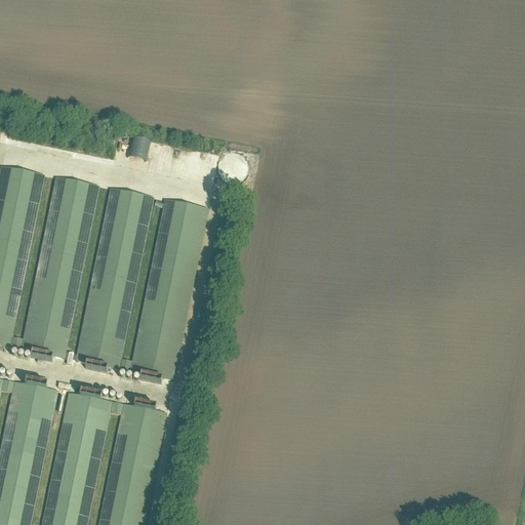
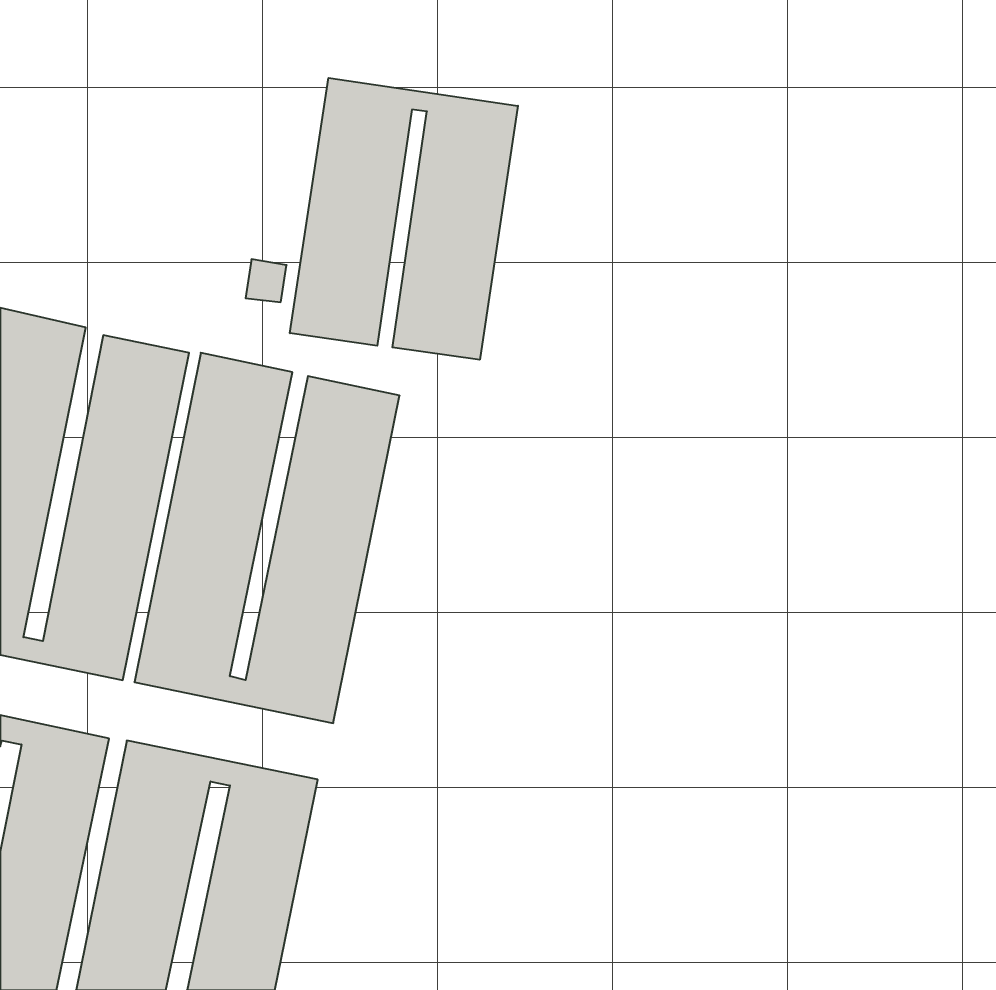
building: none -> [290,78,518,360]

